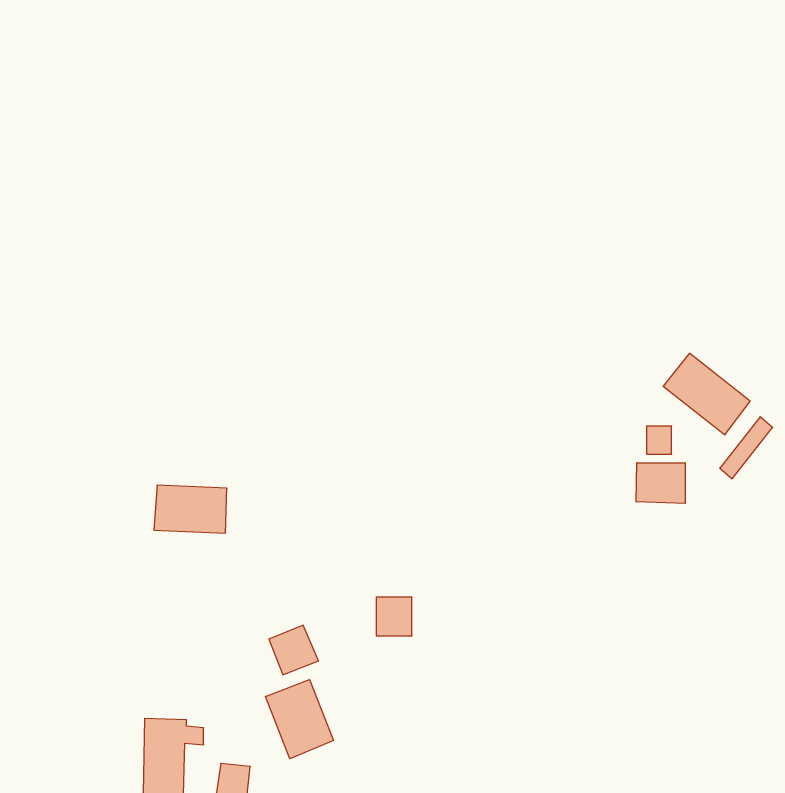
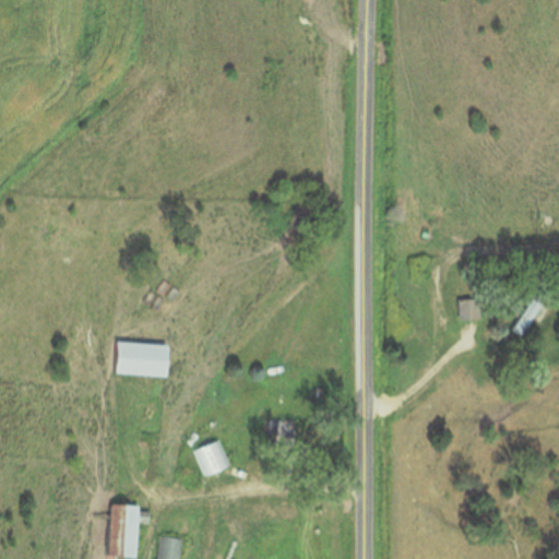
building: [663,353,750,435] -> none
building: [636,463,685,503] -> none
building: [265,680,333,759] -> none

